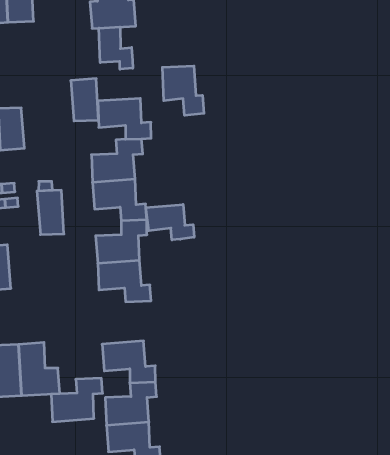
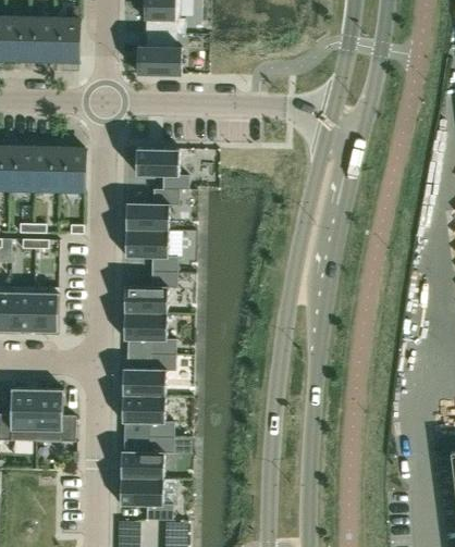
building: [99,27,133,69] -> none
building: [162,66,204,115] -> none
building: [71,79,99,121] -> [59,149,85,191]
building: [37,190,64,235] -> [34,287,59,333]
building: [146,204,194,240] -> none
building: [51,378,103,422] -> [122,355,175,396]

